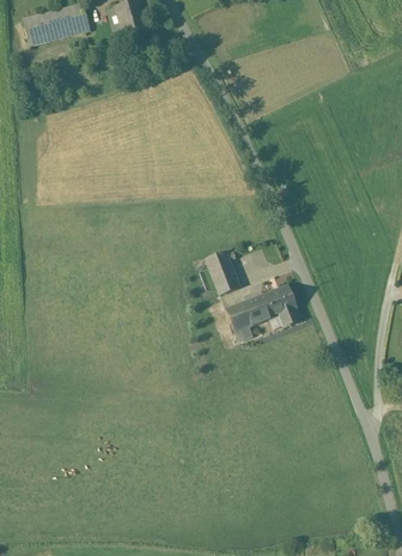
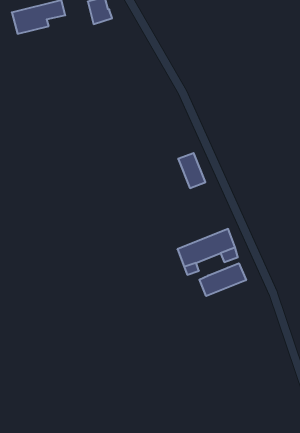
building: [205,252,238,295] -> [178,153,205,188]
building: none -> [199,263,246,296]

